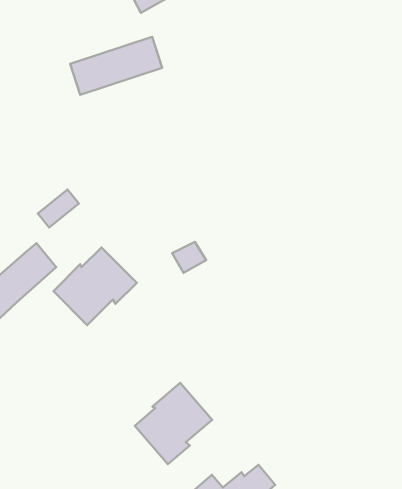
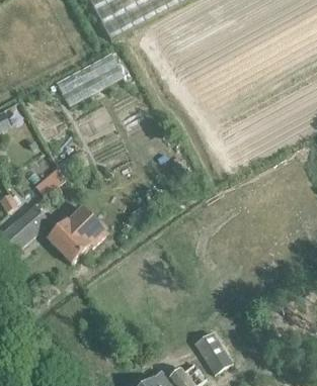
building: [135,383,212,464] -> none
building: none -> [194,329,231,372]

